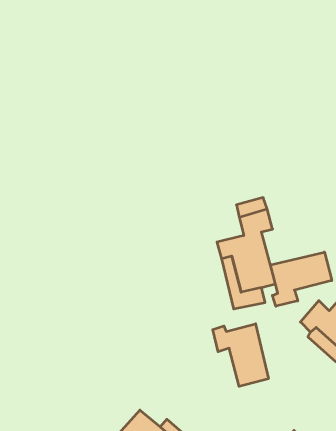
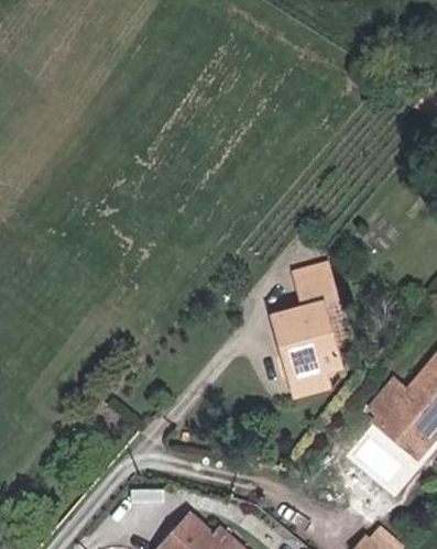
building: [270,252,332,306] -> none
building: [213,324,268,386] -> none

